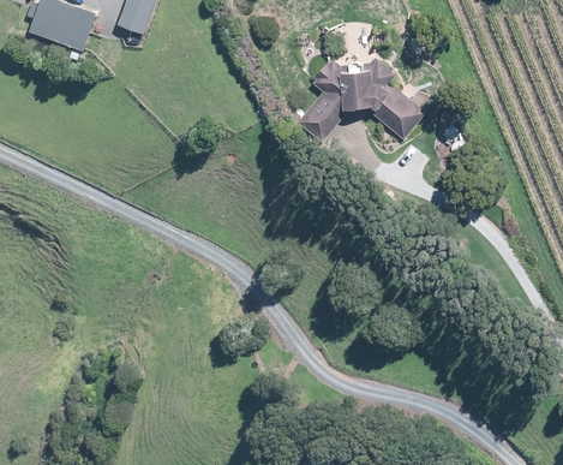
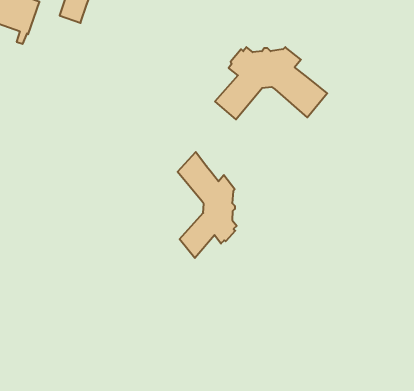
building: none -> [178,152,237,258]

